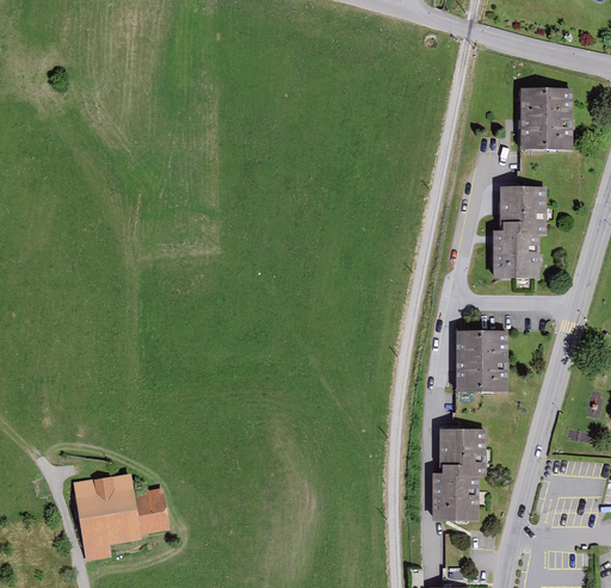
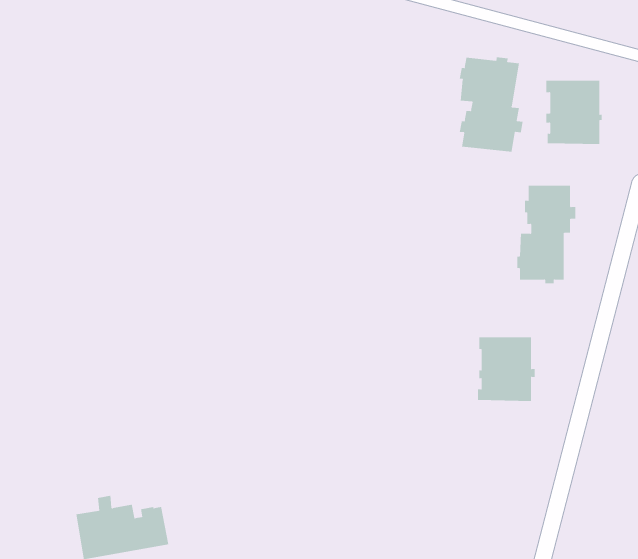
building: none -> [459,57,523,153]
building: [431,429,487,524] -> none

